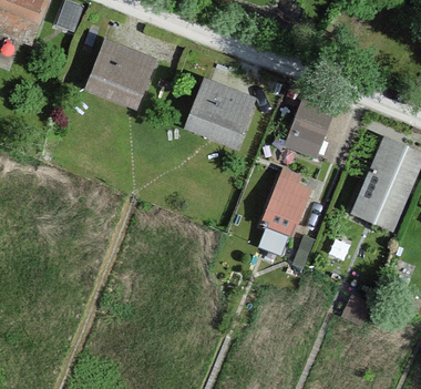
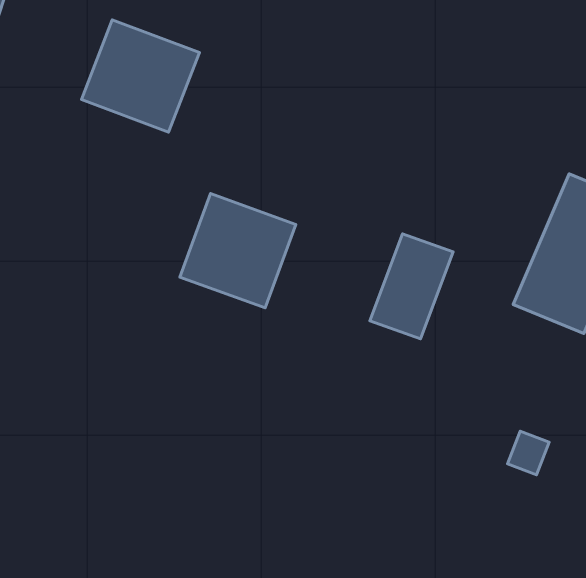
building: [185,79,256,149] -> [180,194,296,308]
building: [285,95,333,155] -> none

